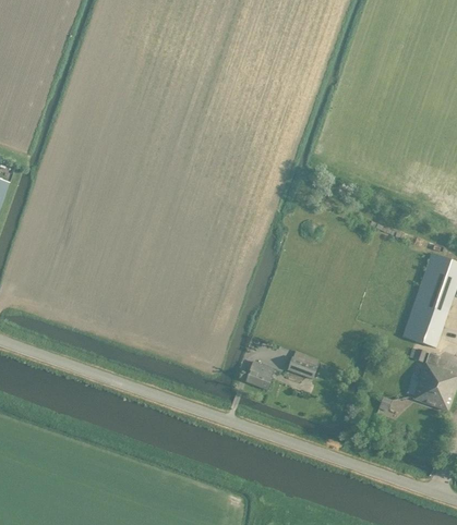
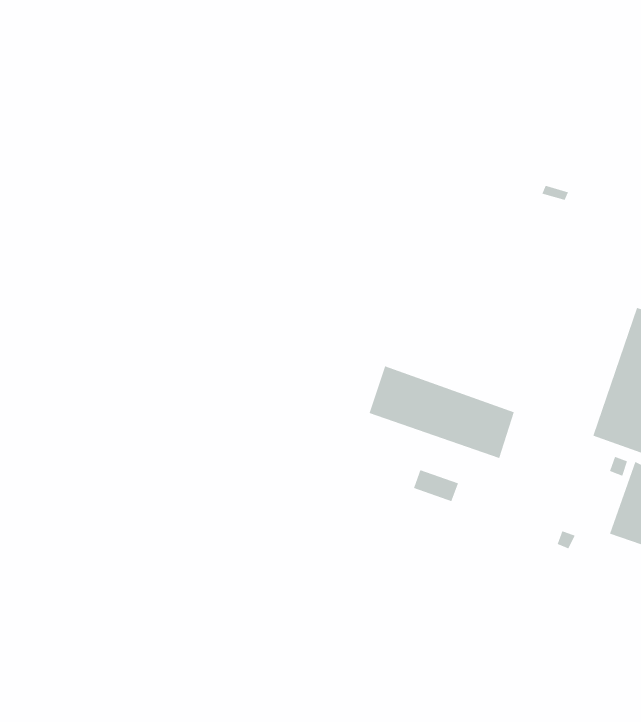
building: none -> [369,365,514,459]
building: [244,362,274,390] -> none

